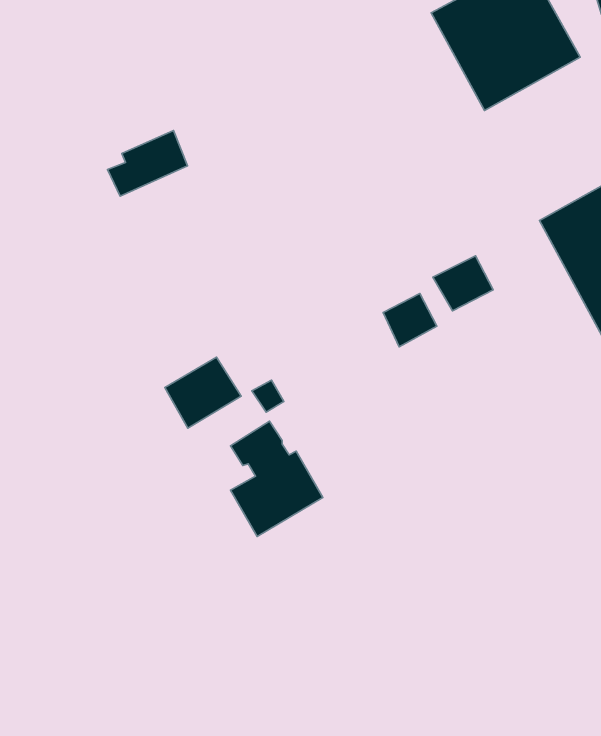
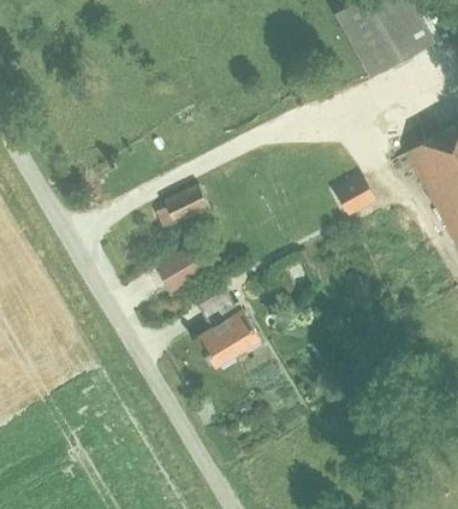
building: [108,130,188,196] -> [155,187,209,231]
building: [383,293,437,347] -> none

